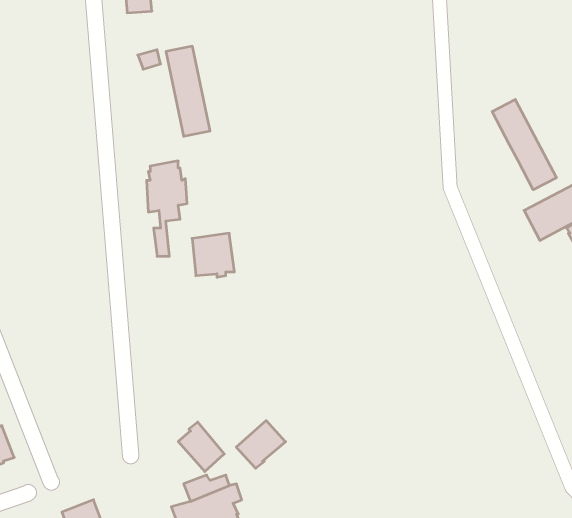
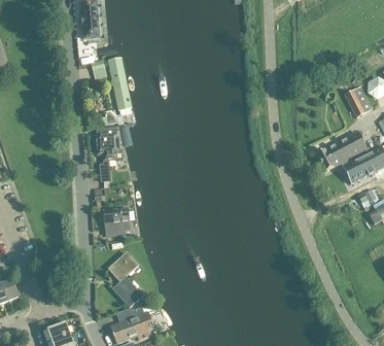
building: [492,99,556,190] -> none
building: [192,233,234,277] -> [105,207,130,233]
building: [236,421,286,468] -> [109,252,138,280]

